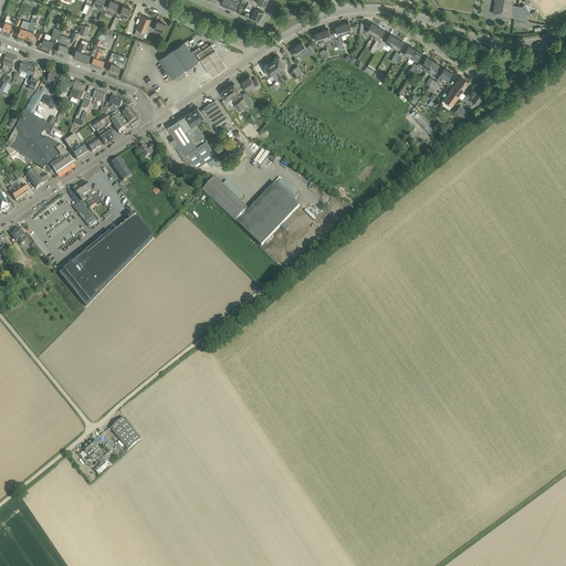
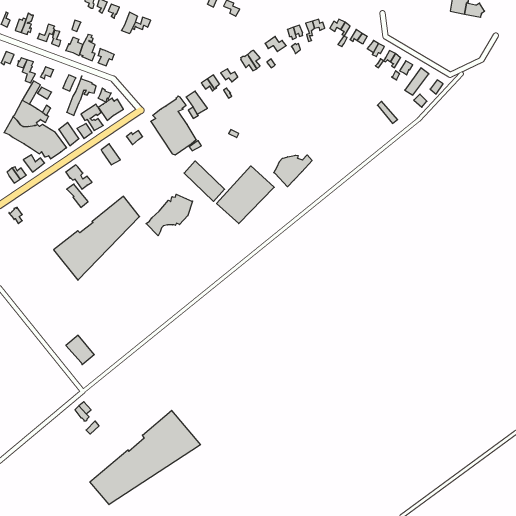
building: [158,41,214,77] -> none
building: none -> [274,155,312,187]
building: none -> [146,194,193,236]
building: [109,417,140,449] -> [66,335,94,365]
building: none -> [90,410,200,505]

